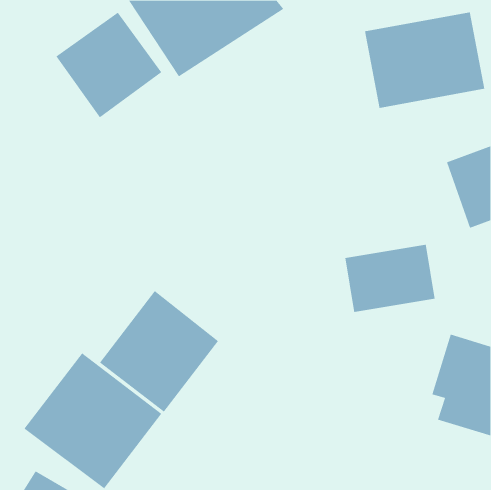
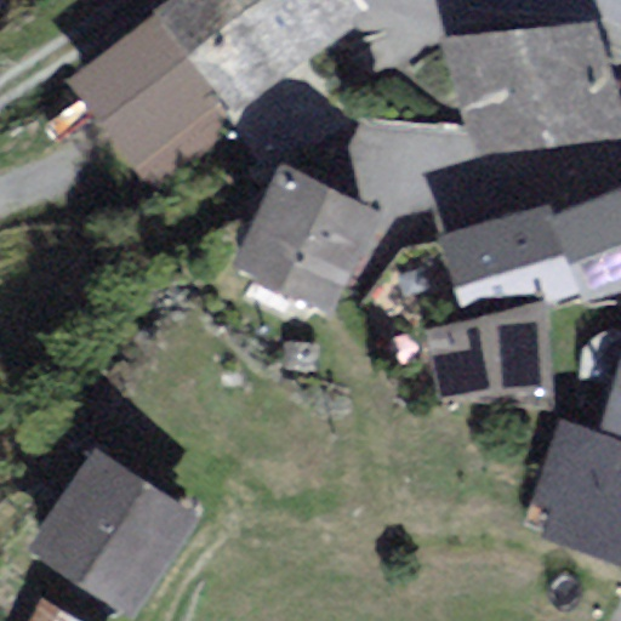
building: none -> [237,172,363,302]
building: none -> [441,216,547,307]
building: [99,290,219,412] -> none

